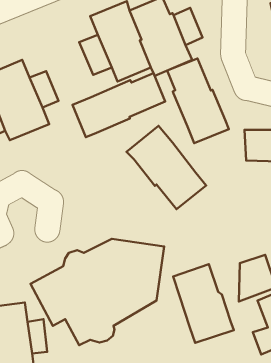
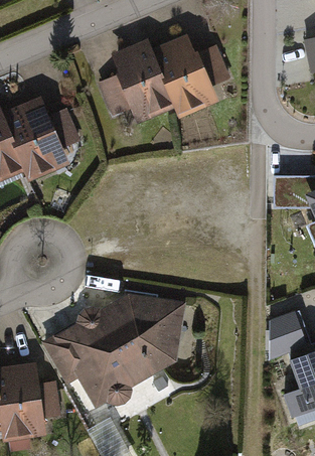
building: [167,58,229,143] -> none
building: [72,73,165,137] -> none
building: [126,126,206,209] -> none
building: [173,264,234,343] -> none

